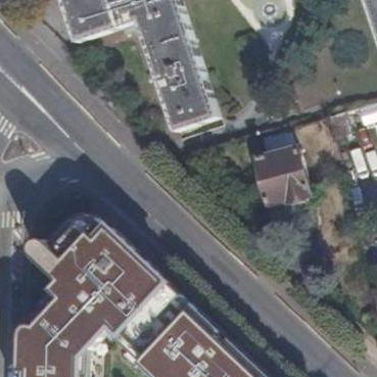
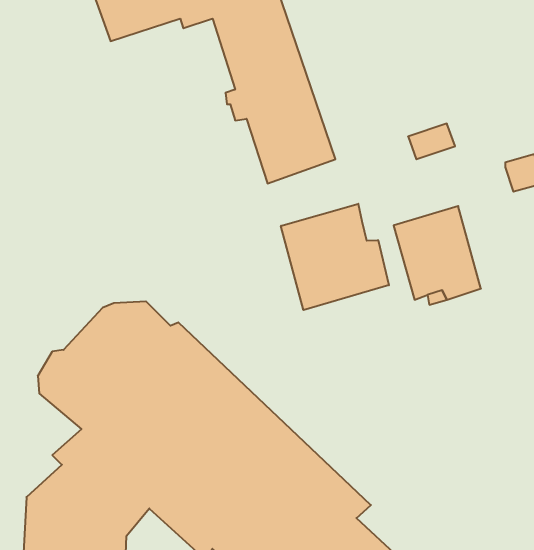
building: none -> [281,204,389,310]

